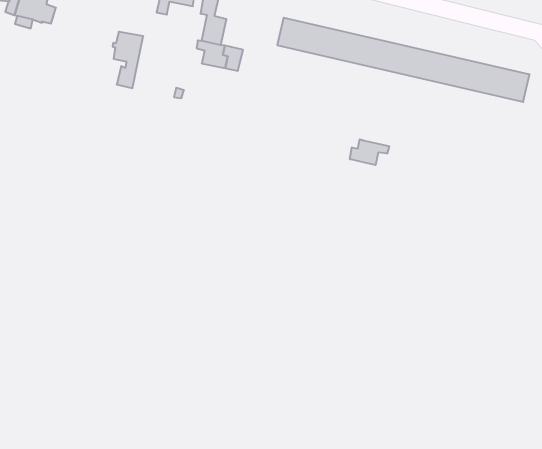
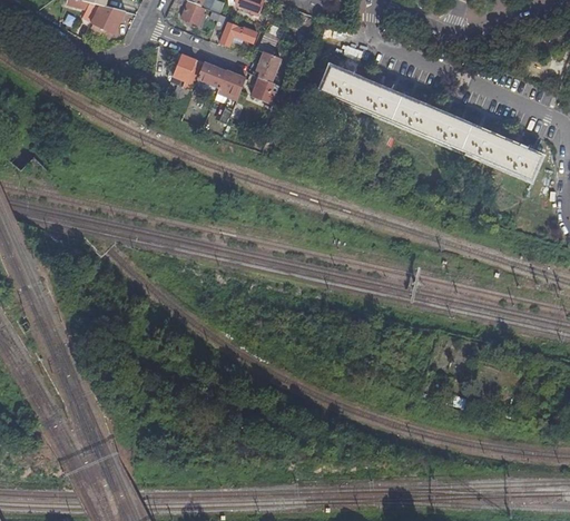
building: none -> [197,62,246,110]
building: [350,139,389,165] -> none

